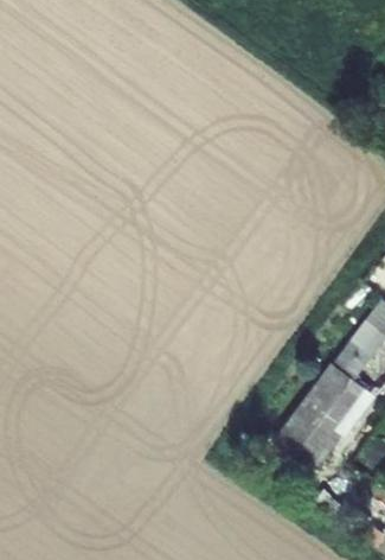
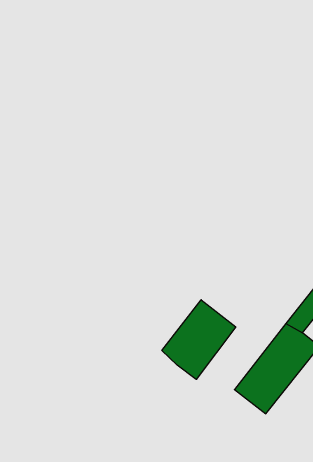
building: none -> [162,300,236,379]

